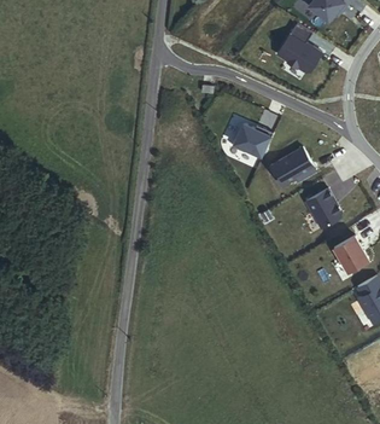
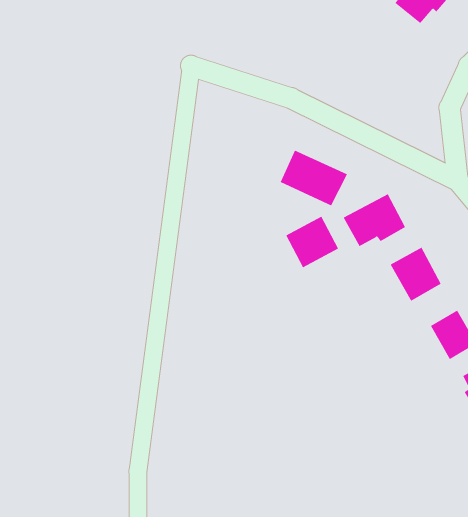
building: [273,23,320,76] -> none
building: none -> [286,216,339,268]

